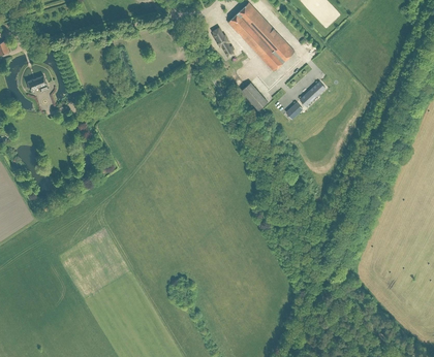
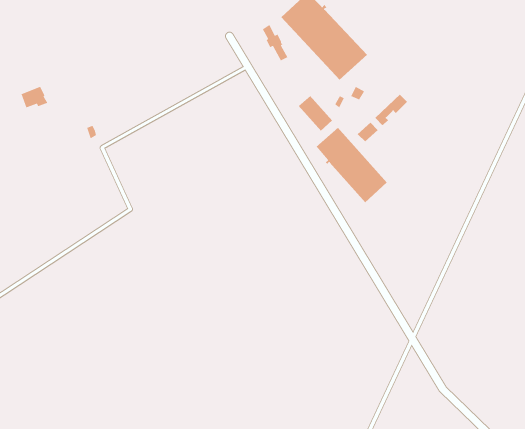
building: none -> [315,127,387,203]

